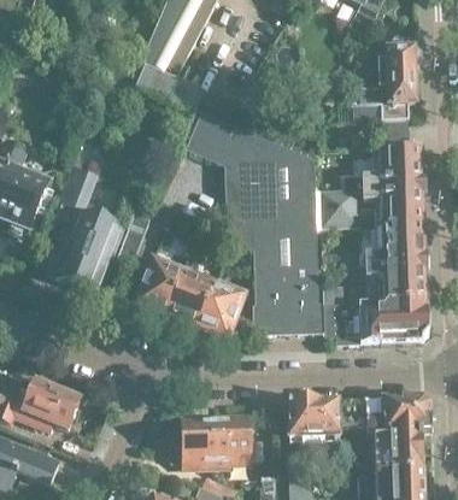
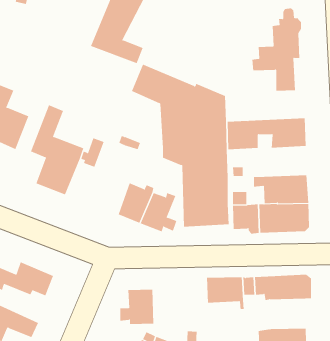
building: [344,146,423,188] -> none
building: [365,223,425,264] -> none
building: [136,254,183,316] -> none
building: [216,416,264,464] -> none
building: [374,430,424,471] -> none

